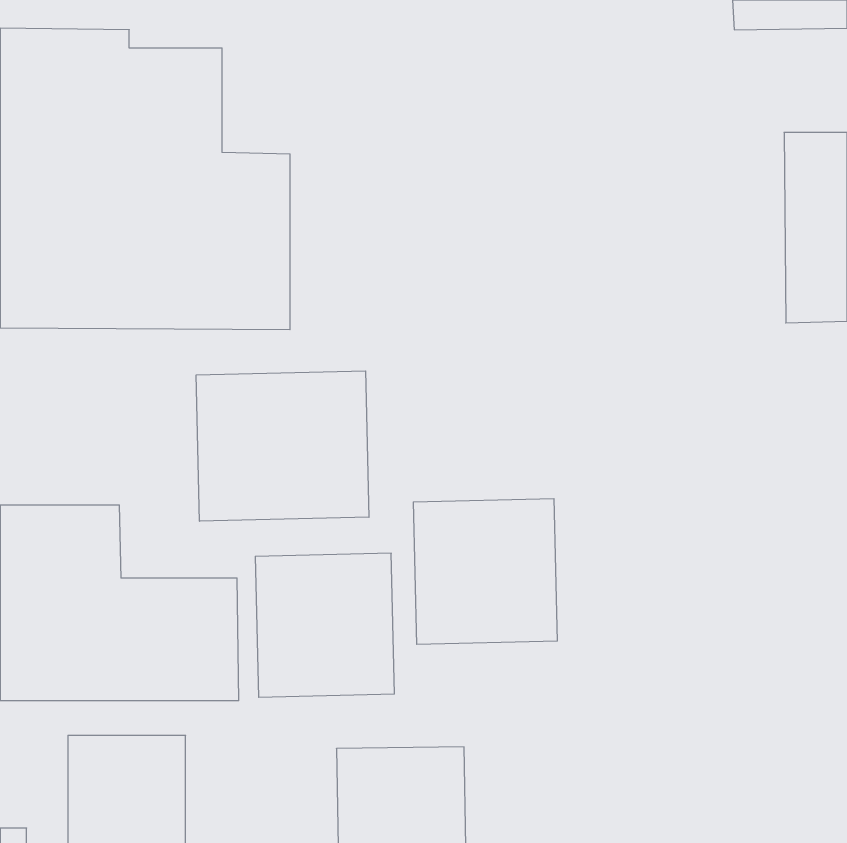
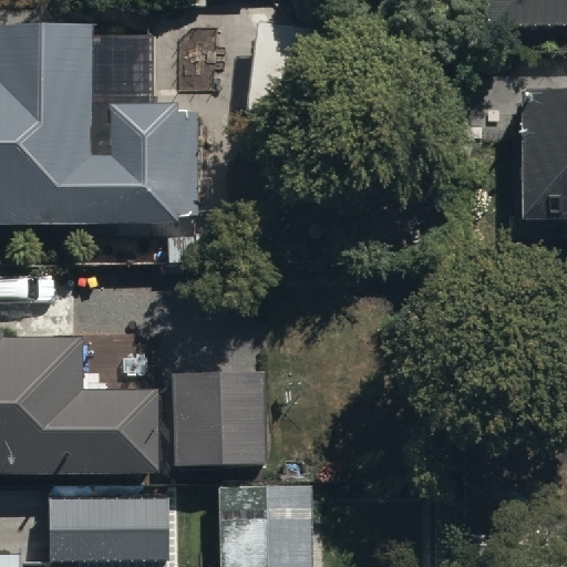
building: [196,371,369,521] -> none
building: [413,499,557,644] -> none

